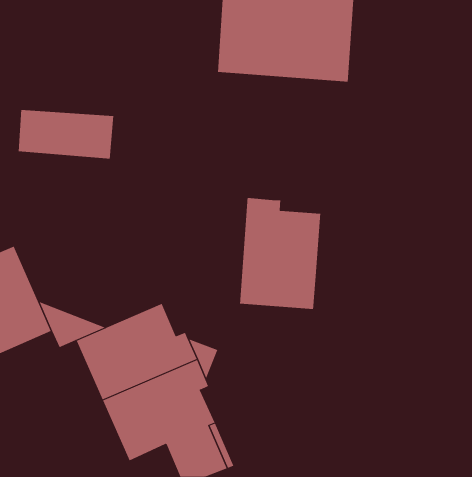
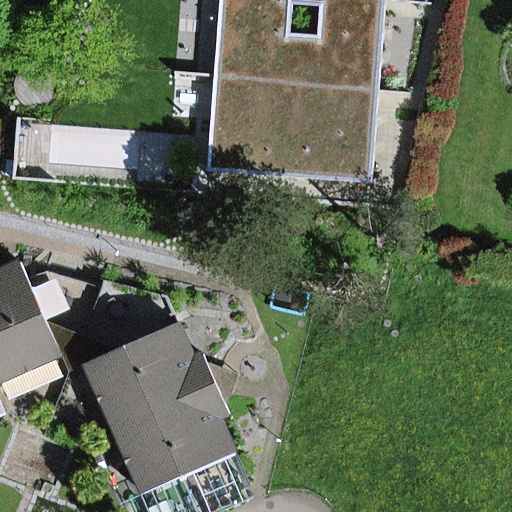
building: none -> [225,77,372,183]
building: [239,197,321,310] -> none

